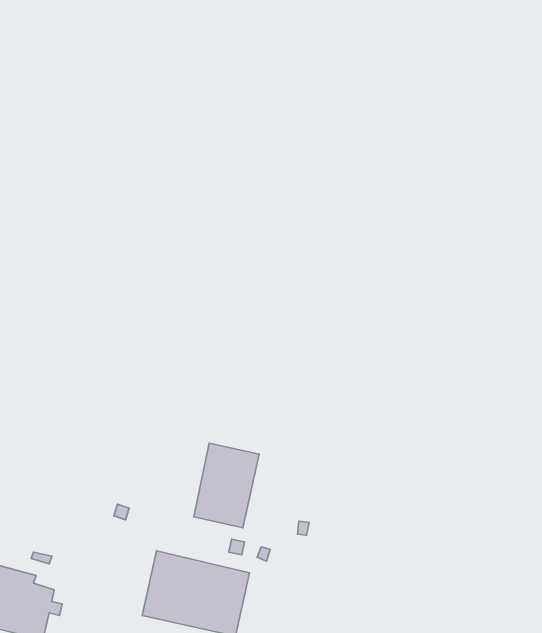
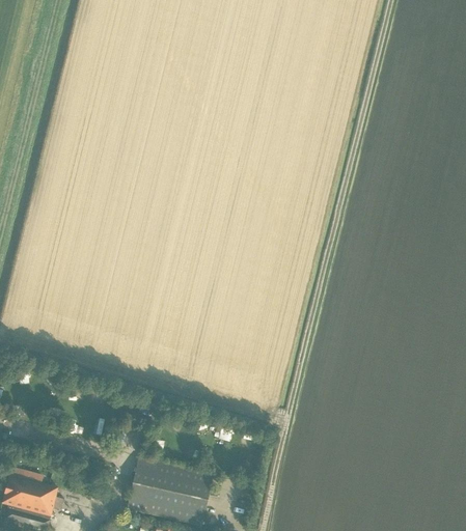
building: [194,443,259,528] -> none

